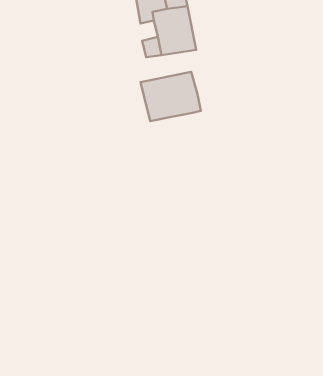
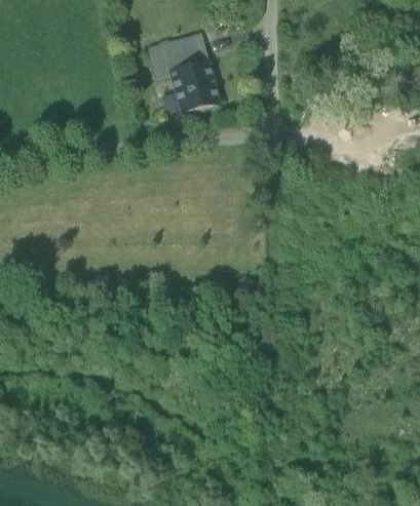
building: [140,72,201,121] -> none

